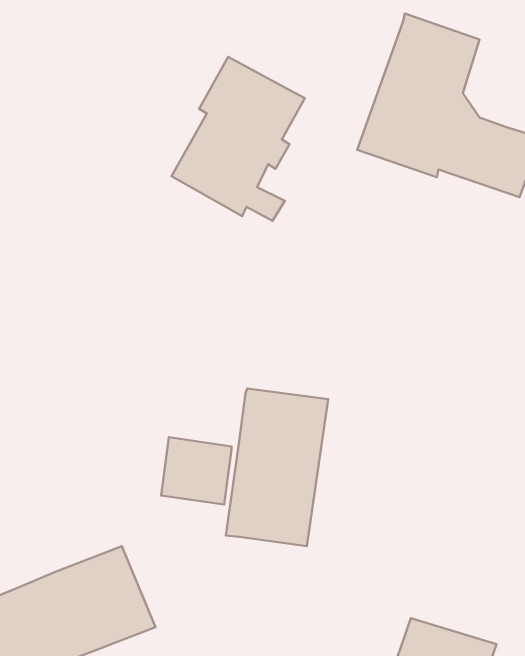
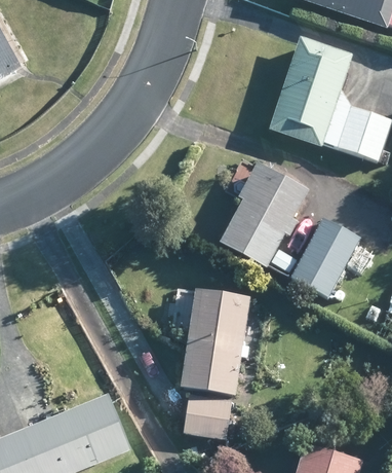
building: [172,57,305,221] -> [220,161,309,271]
building: none -> [290,217,361,298]
building: [161,437,232,505] -> [184,394,231,439]

